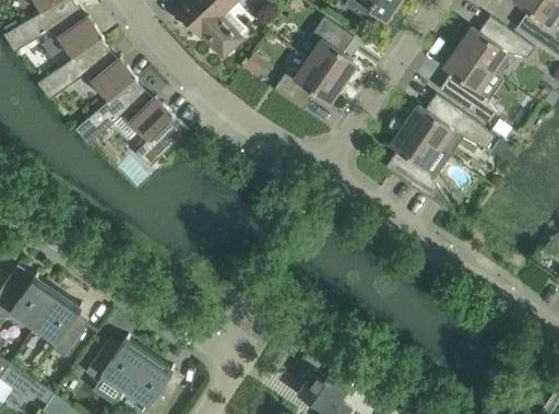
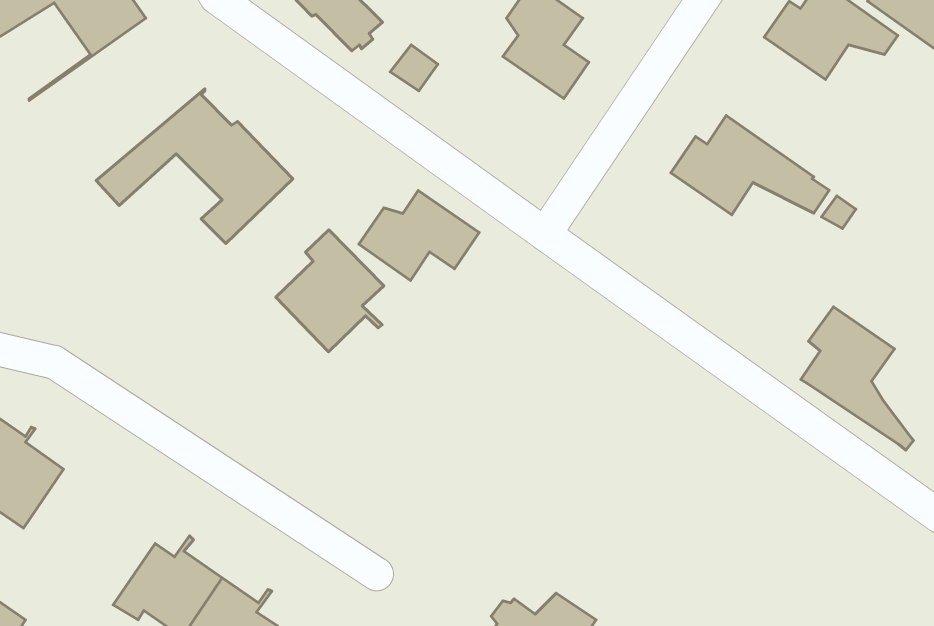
building: [37,37,138,130] -> none
building: [439,48,497,123] -> none
building: [274,59,343,110] -> [359,191,479,280]
building: [385,126,450,208] -> [801,307,914,450]
building: none -> [276,230,384,352]
building: [34,295,87,357] -> none

